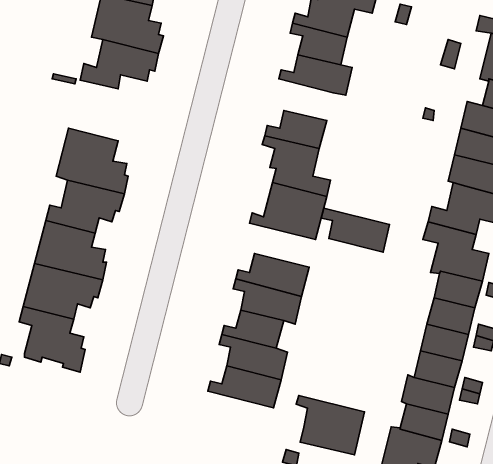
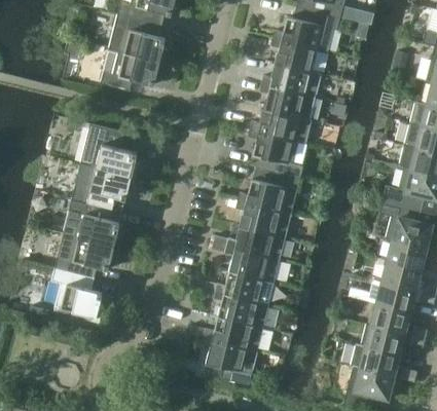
building: none -> [259,82,305,116]
building: [321,208,390,252] -> [235,199,291,235]
building: [296,395,365,455] -> [202,336,257,384]

